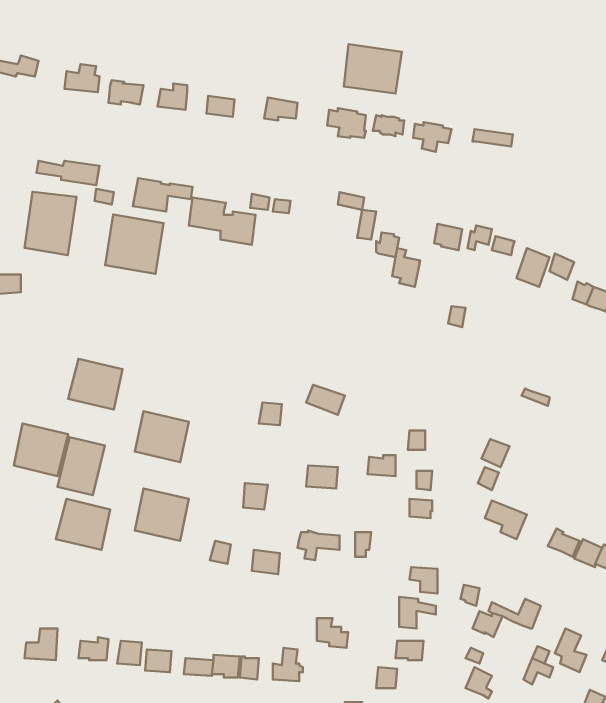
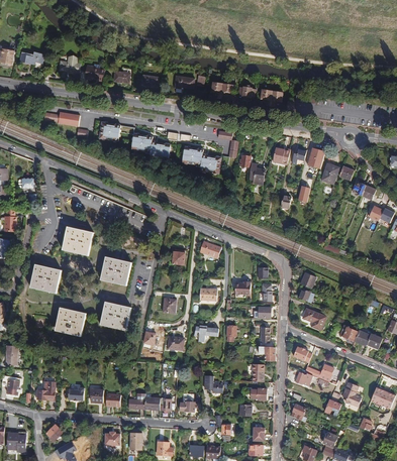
building: [344,44,402,93] -> none
building: [24,192,77,255] -> none
building: [105,214,164,274] -> none
building: none -> [182,146,221,174]
building: [58,437,105,495] -> none

